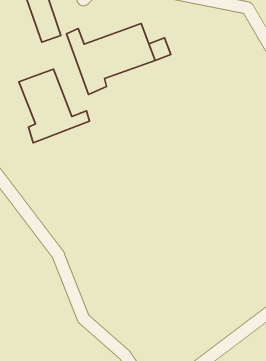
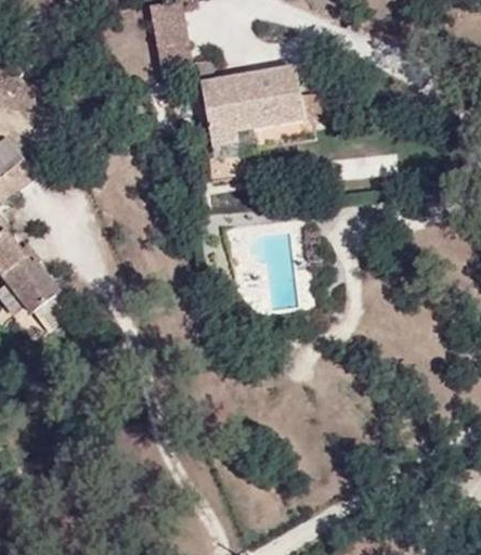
building: [19,69,89,143] -> none

